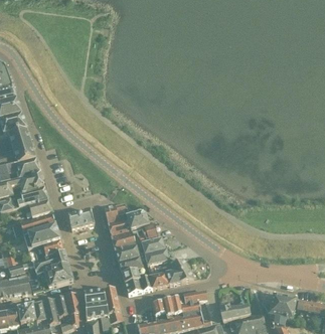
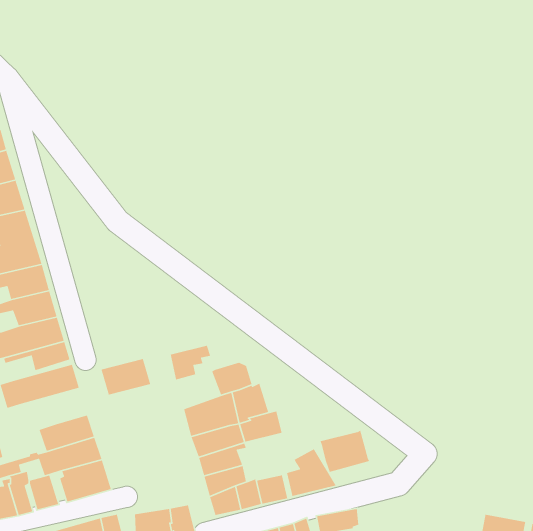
building: [108,208,132,236] -> none
building: [24,225,60,249] -> none
building: [145,248,172,272] -> [320,430,370,473]

